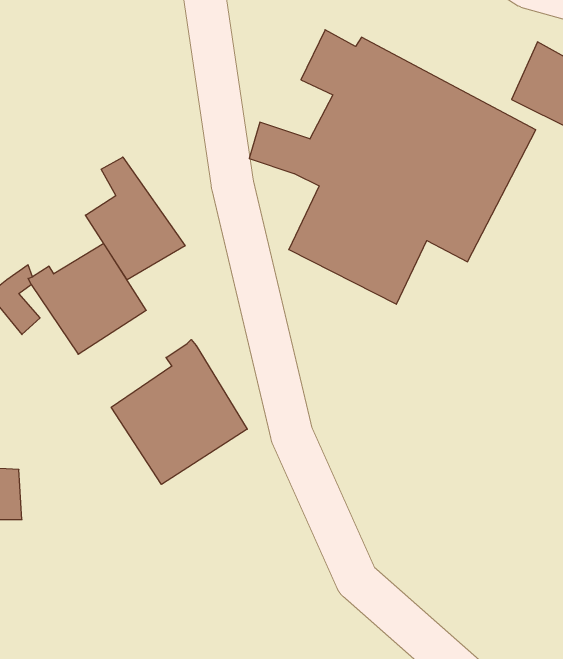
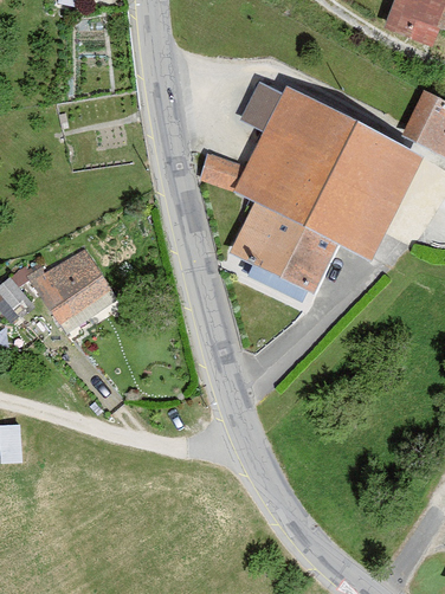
building: [85,157,185,280] -> none
building: [111,340,247,484] -> none

